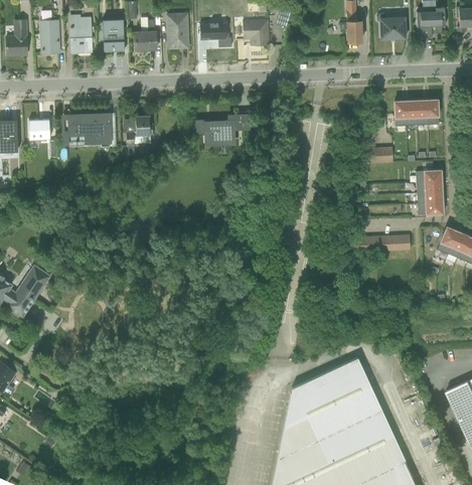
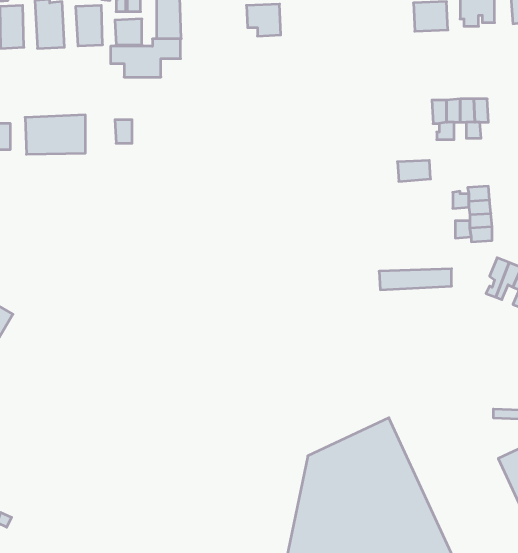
building: [346,21,362,45] -> none
building: [200,23,231,46] -> none
building: [192,112,250,143] -> [111,39,181,77]

